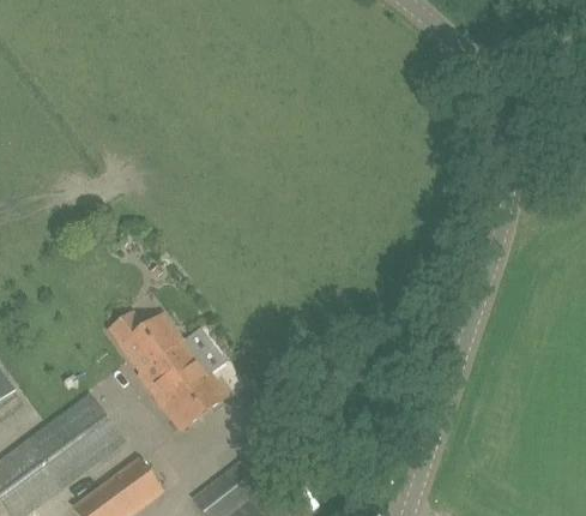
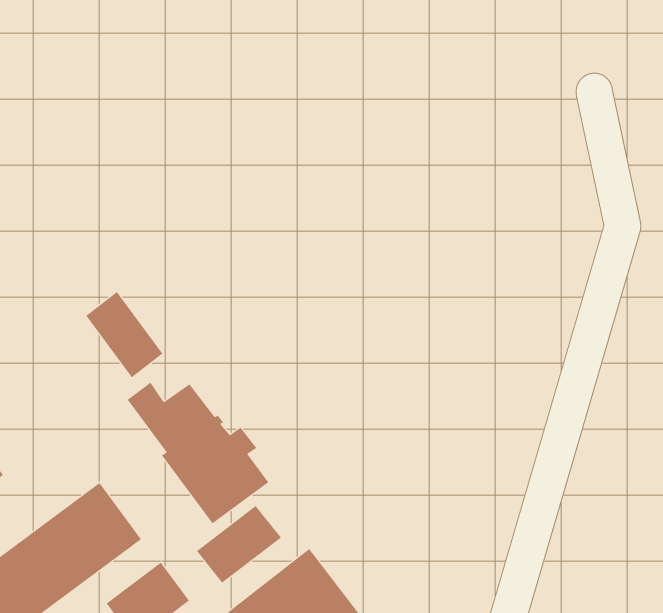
building: none -> [85,291,163,378]
building: none -> [196,505,282,583]

